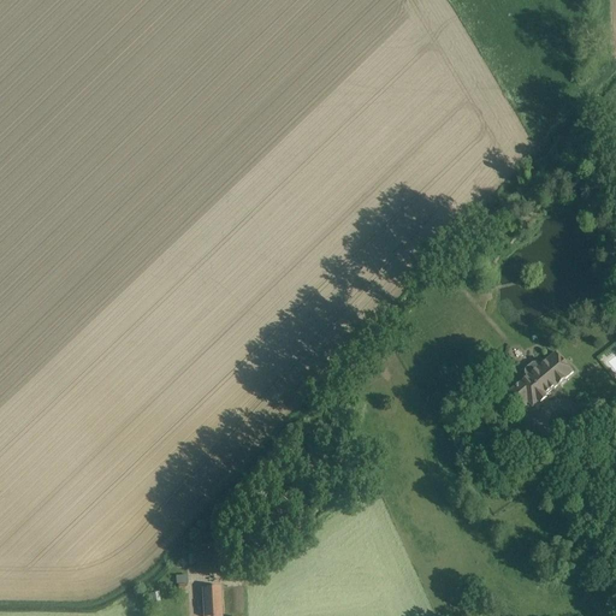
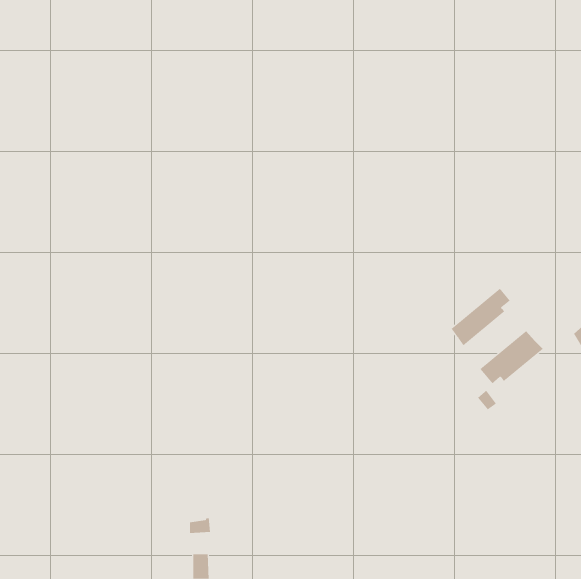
building: none -> [451,288,510,346]

